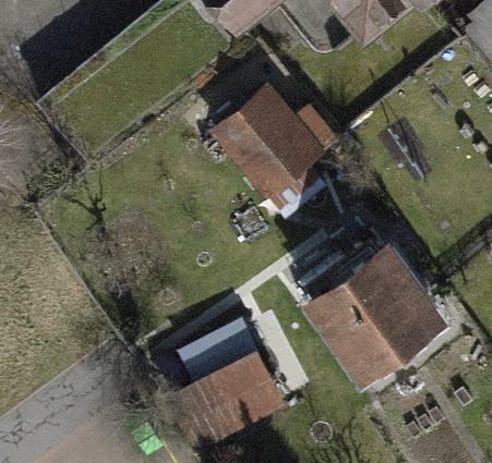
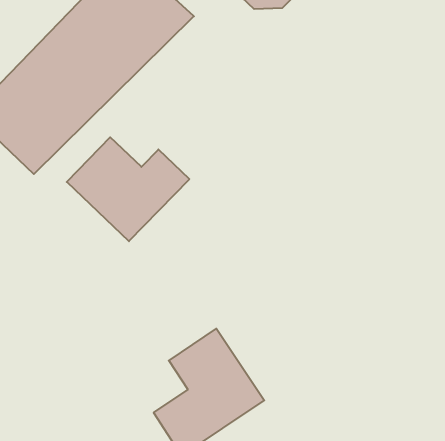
building: [225,90,337,187] -> [67,137,189,241]
building: [319,248,441,369] -> none

